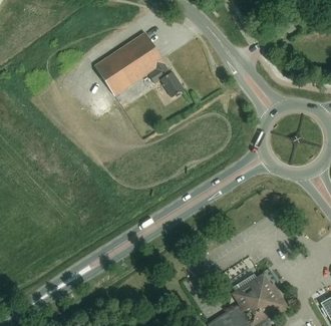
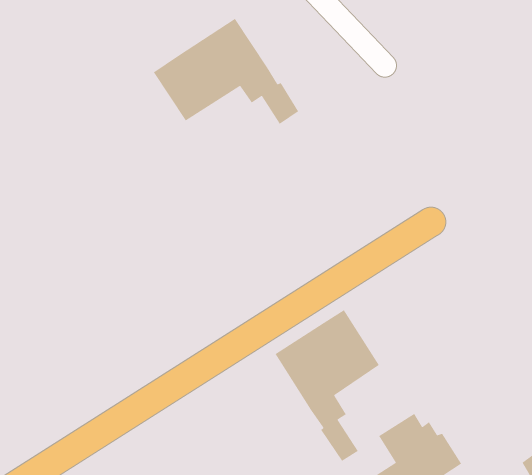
building: none -> [275,309,380,462]

